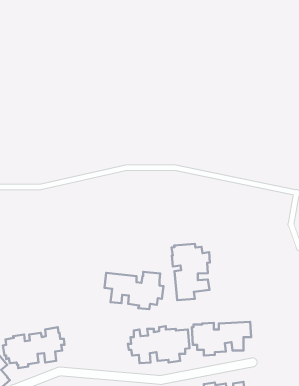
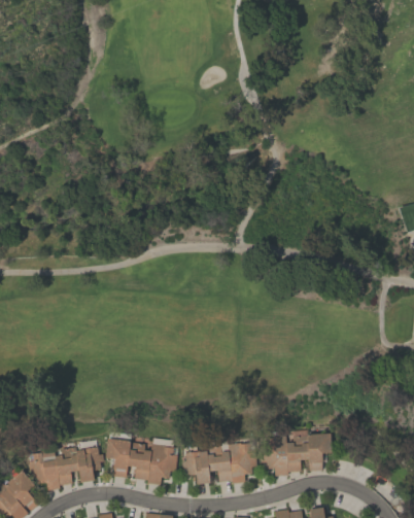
building: [172,244,210,300] -> none
building: [105,272,164,309] -> [105,438,177,483]

